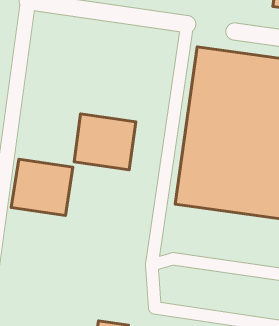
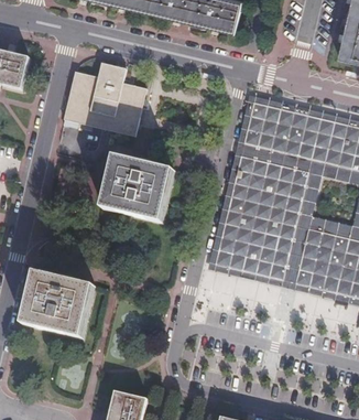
building: none -> [61,61,145,136]
building: [11,159,73,215] -> [22,272,95,340]

